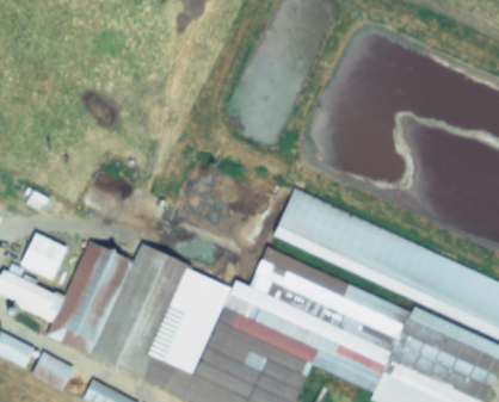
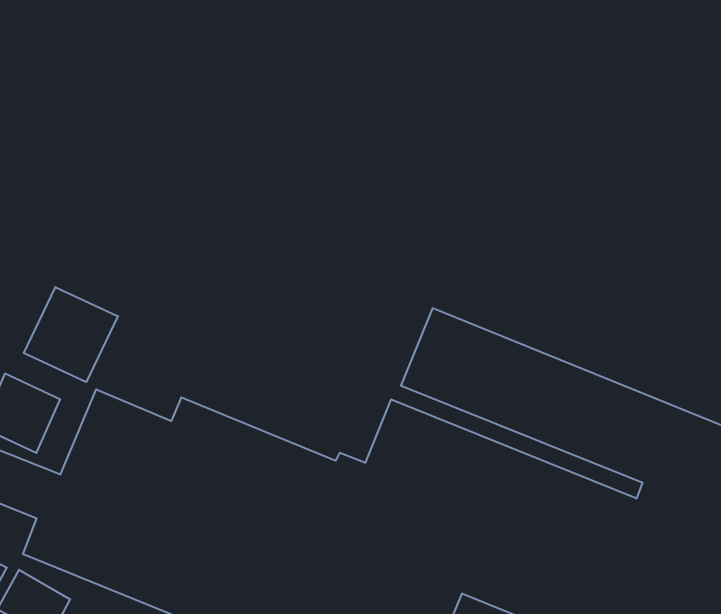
building: none -> [24,287,118,382]

